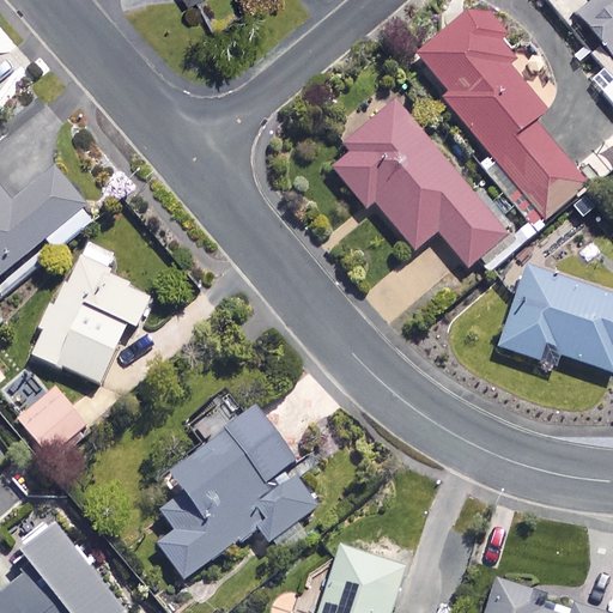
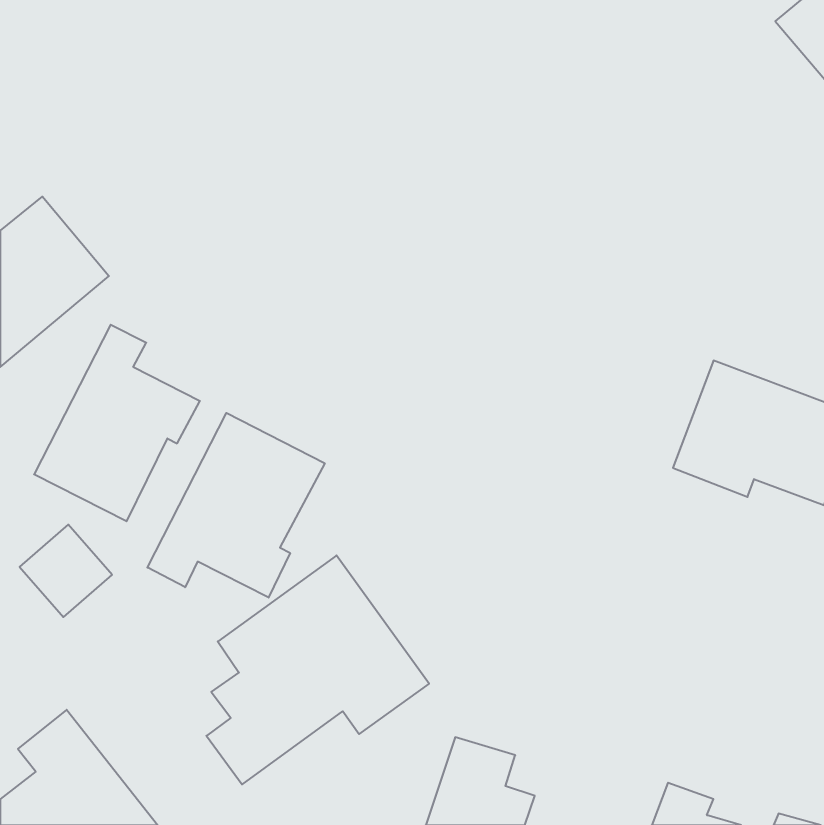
building: [414,6,589,220] -> none
building: [326,101,506,266] -> none
building: none -> [147,413,325,598]

